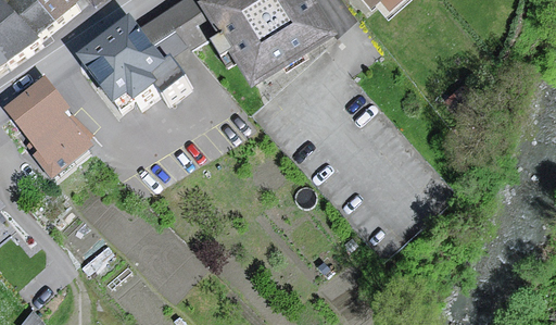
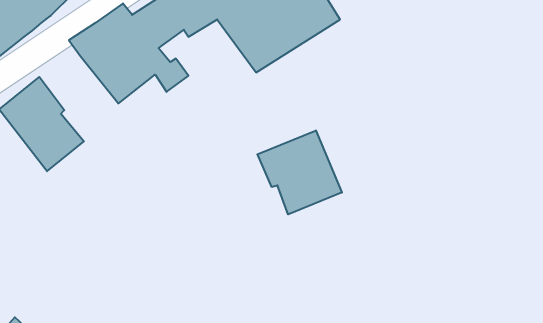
building: none -> [257,130,342,214]

